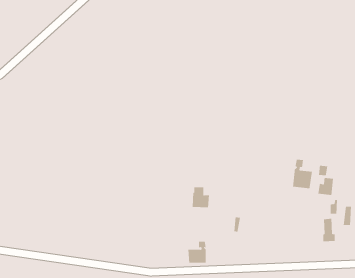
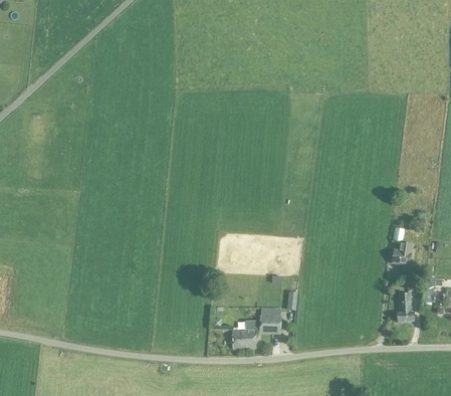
building: [292,159,313,189] -> none
building: [192,187,210,208] -> [259,306,281,332]

